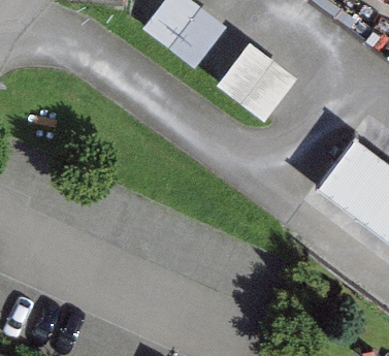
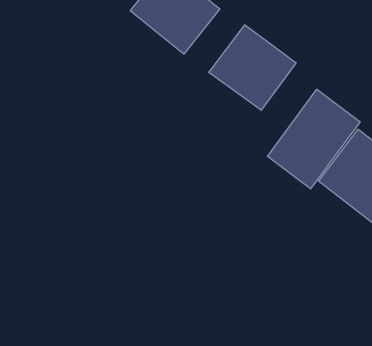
building: none -> [267,89,360,189]

